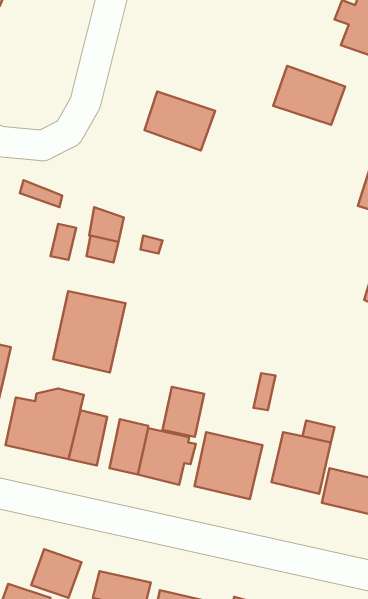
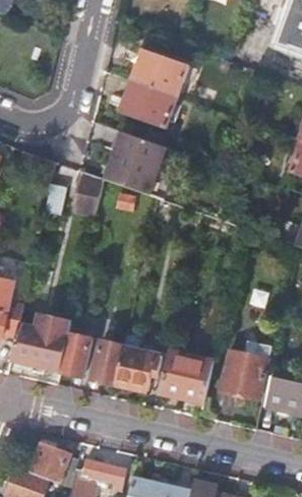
building: [273,66,345,125] -> [130,49,187,96]
building: none -> [108,131,166,183]
building: [53,291,125,373] -> none
building: [162,387,204,437] -> none

